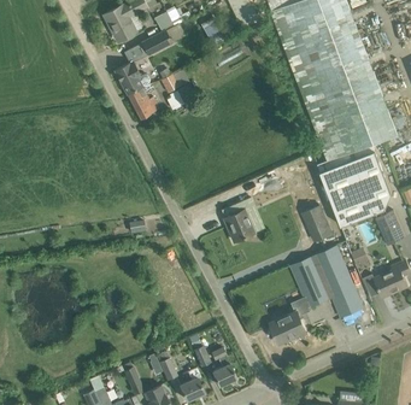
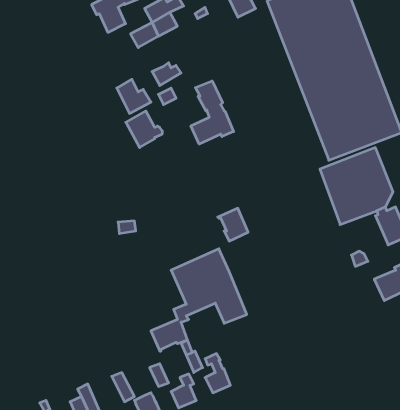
building: [113,60,148,95] -> [126,111,162,148]
building: none -> [191,81,234,144]
building: [303,206,330,242] -> none
building: [270,246,362,344] -> [151,249,247,351]

